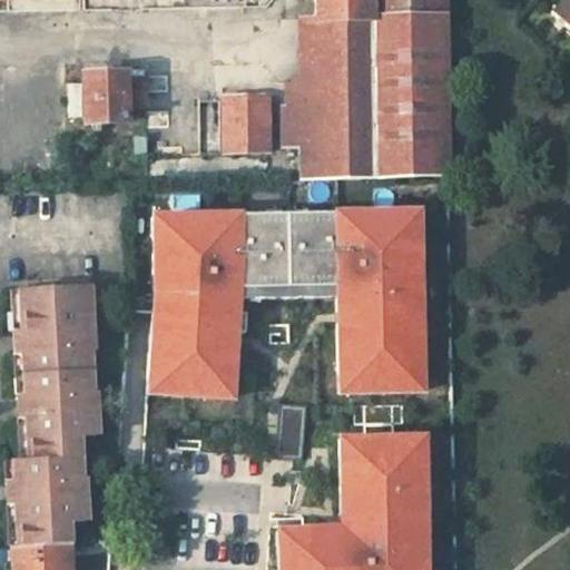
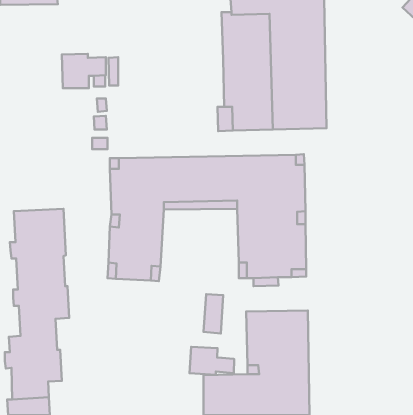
building: [286,81,311,147] -> none
building: [227,95,272,151] -> none
building: none -> [190,347,234,375]

